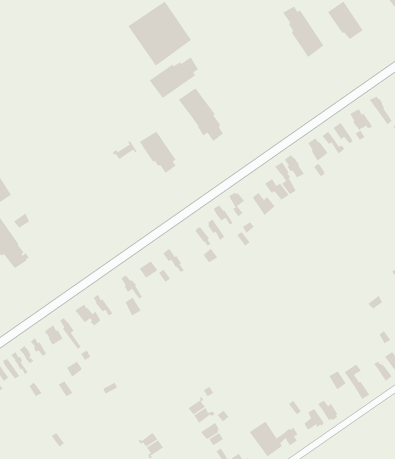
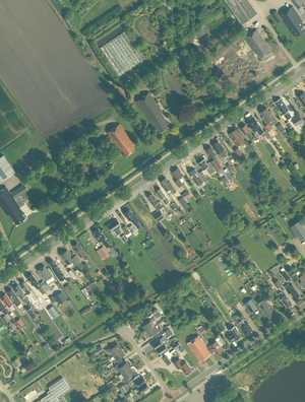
building: [283,6,324,58] -> none
building: [149,57,199,99] -> none

